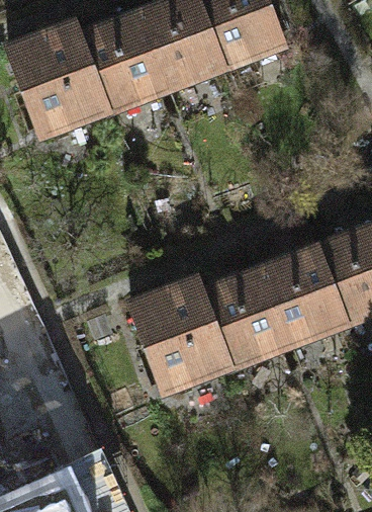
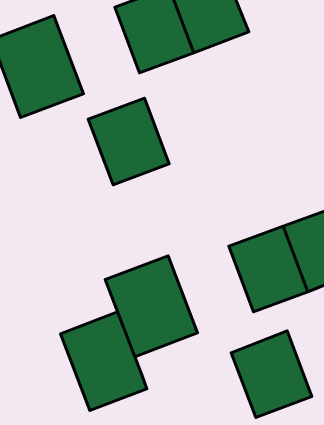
building: [76,16,162,108] -> [88,98,169,185]
building: [197,270,283,362] -> [231,331,312,418]
building: none -> [61,312,147,411]

